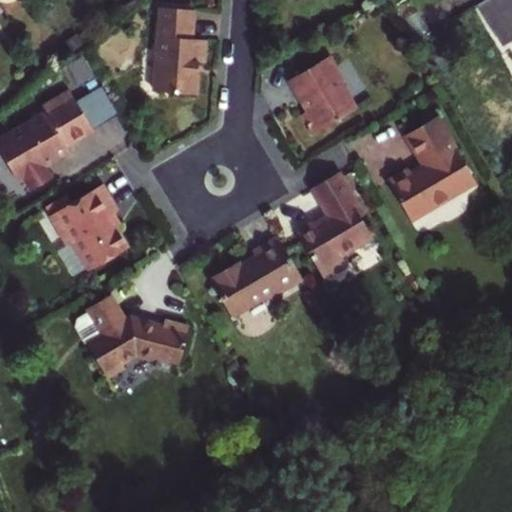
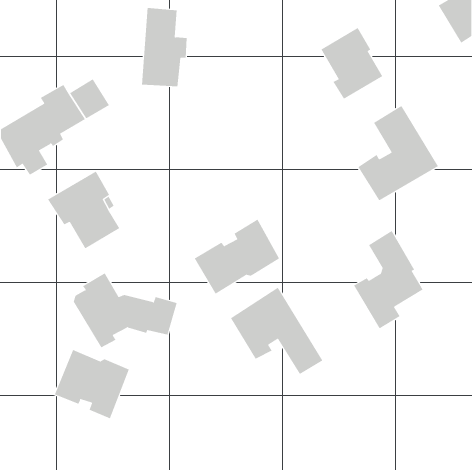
building: [289,55,357,133] -> [320,27,383,99]
building: [297,173,373,280] -> [353,230,424,329]
building: none -> [230,287,323,375]
building: none -> [54,349,129,419]

